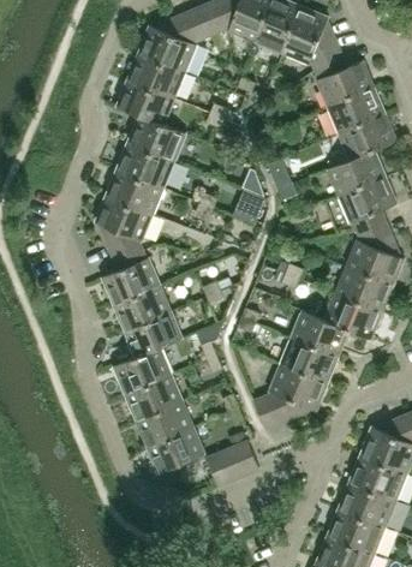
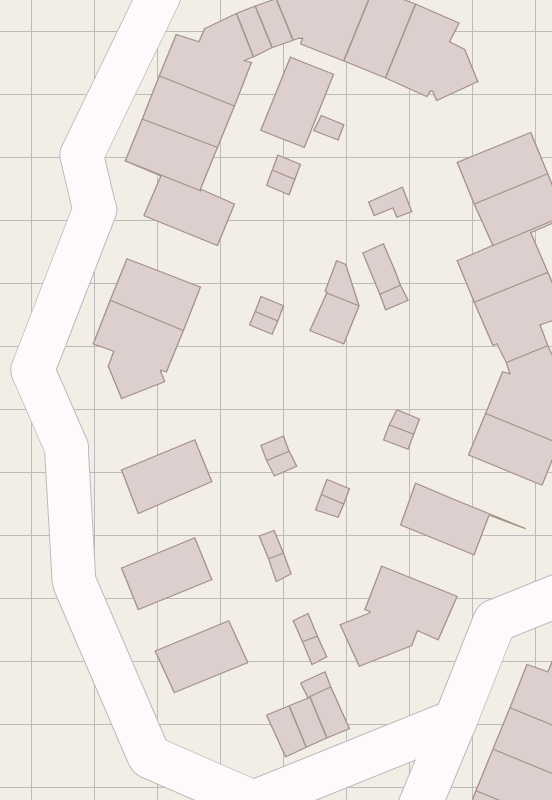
building: none -> [261,57,333,148]
building: [315,55,375,107] -> none
building: [118,141,175,186] -> none
building: [103,246,161,303] -> none
building: [324,293,382,340] -> none
building: [114,310,183,365] -> none
building: [280,338,339,383] -> none
building: [125,372,183,418] -> none
building: [148,425,205,472] -> none

